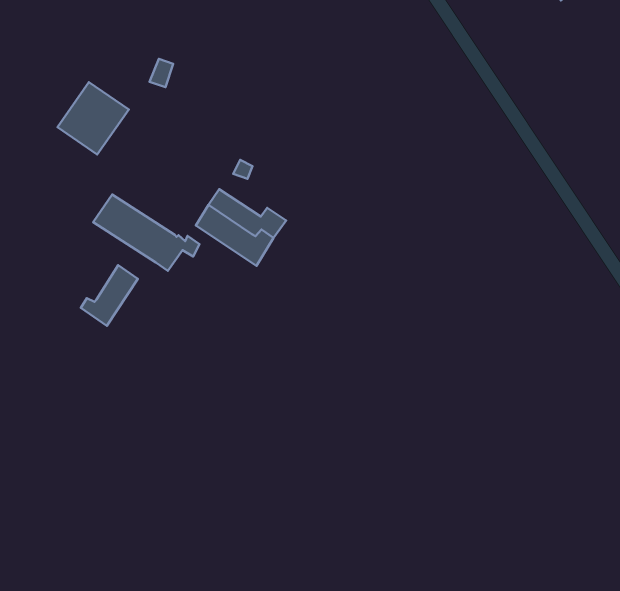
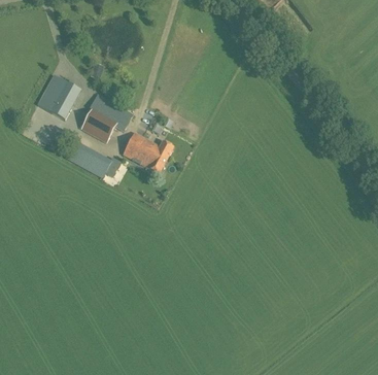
building: none -> [79,94,131,142]
building: [81,265,138,326] -> none

